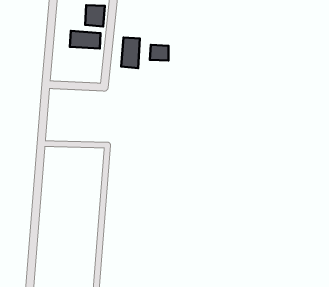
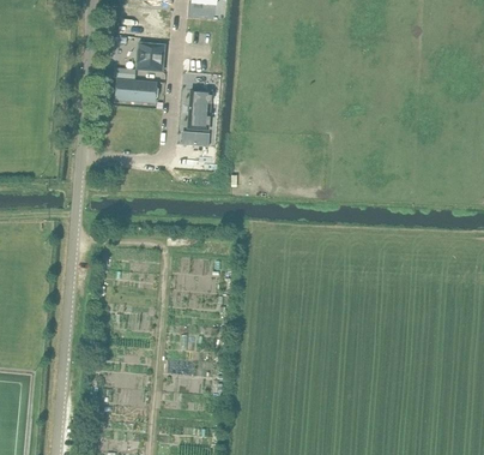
building: [150,45,168,60] -> none

